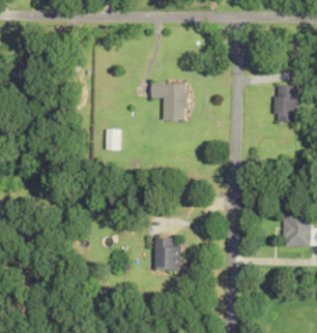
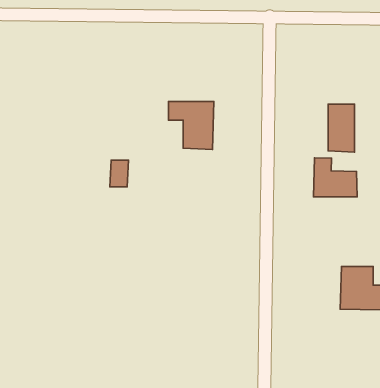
building: none -> [314,158,357,197]
building: [155,236,180,270] -> none

